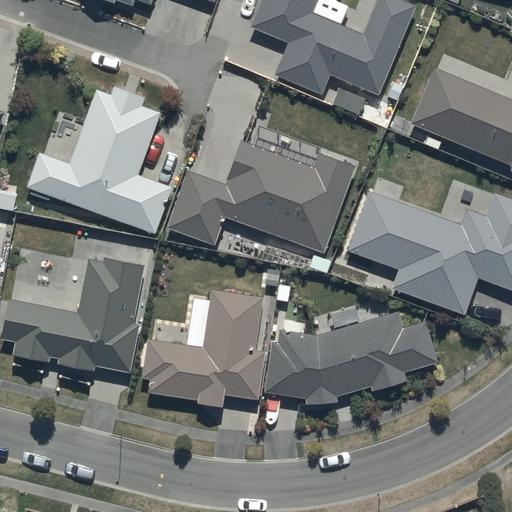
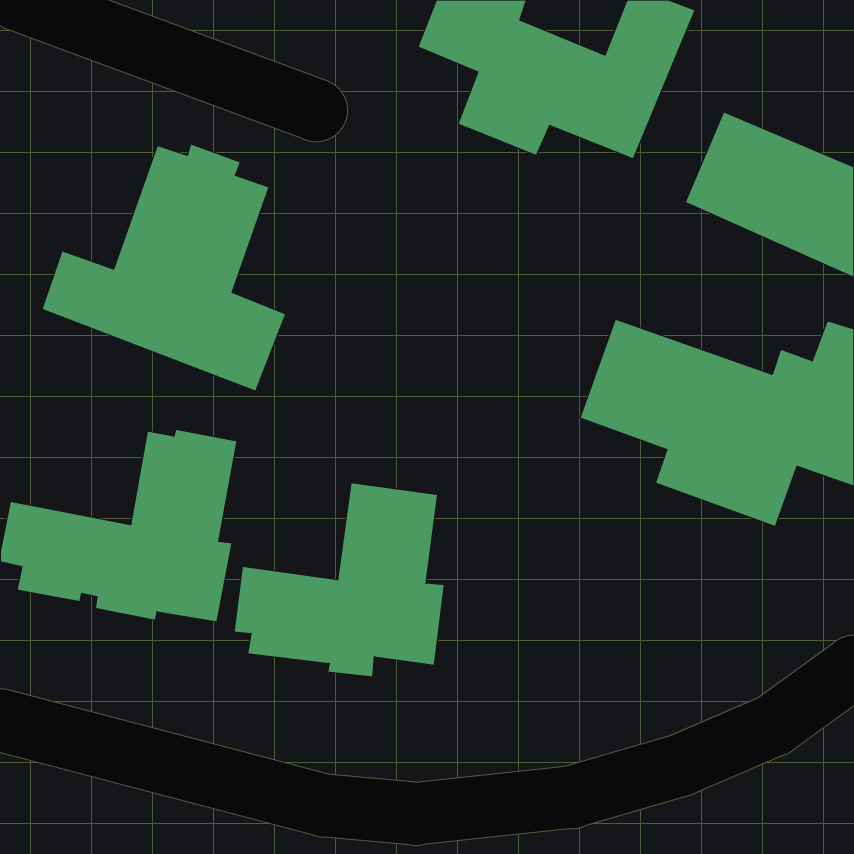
building: [168,141,354,254] -> none
building: [264,312,437,403] -> none

